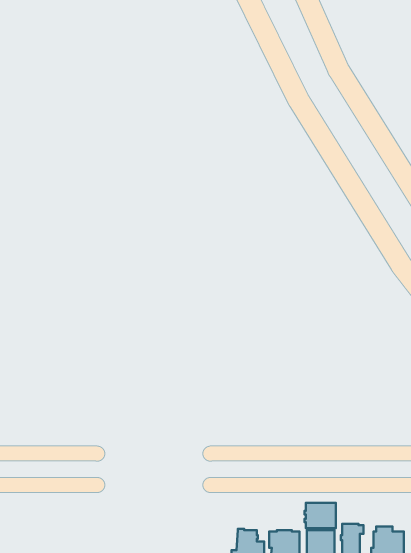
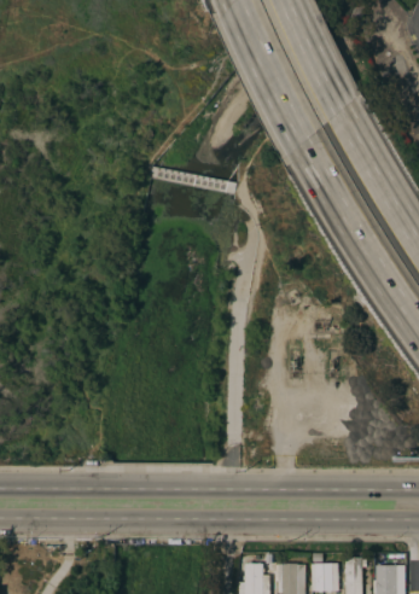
building: [304,503,336,528] -> none

